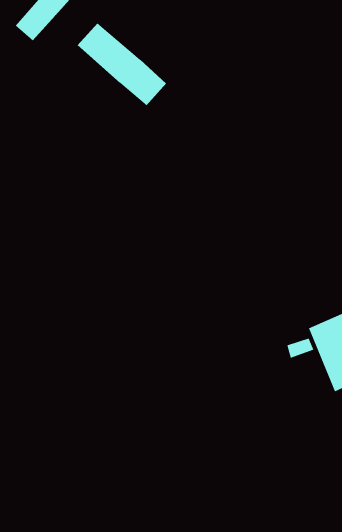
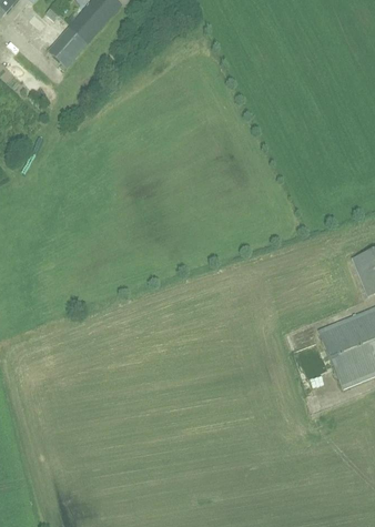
building: [77,22,167,106] -> none

